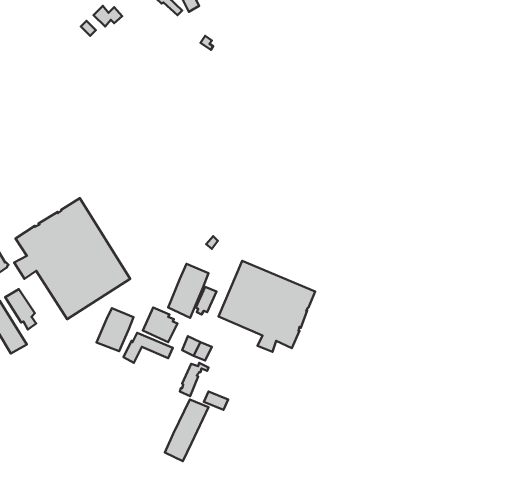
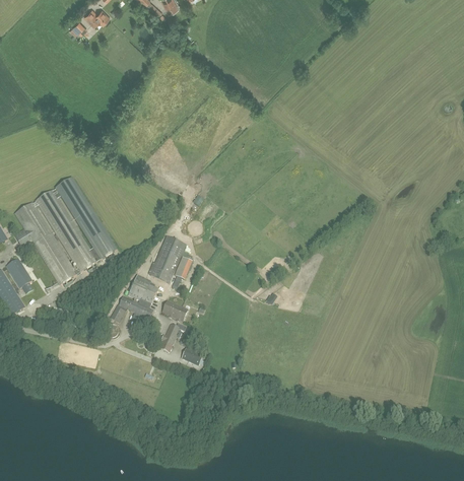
building: [218,261,315,352] -> none
building: [97,308,133,351] -> none
building: [165,400,209,461] -> none

